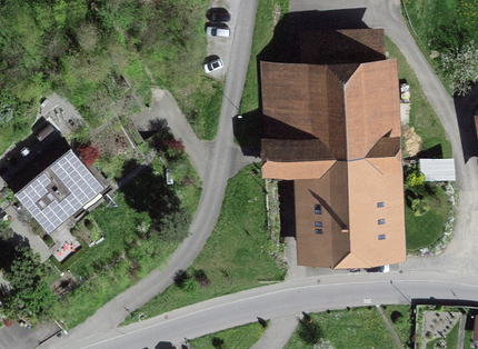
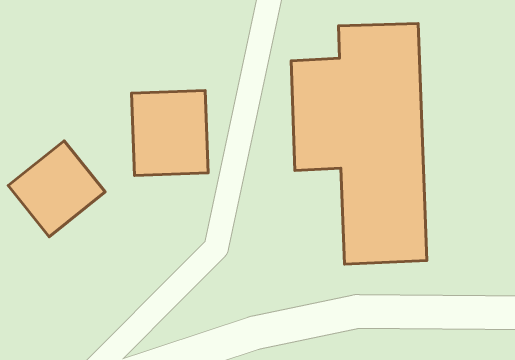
building: none -> [131,91,208,175]

